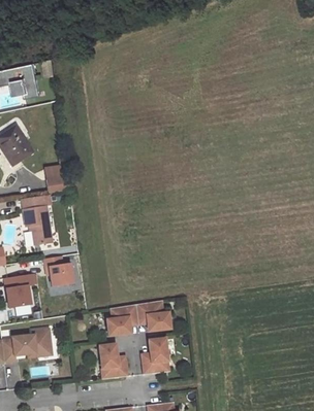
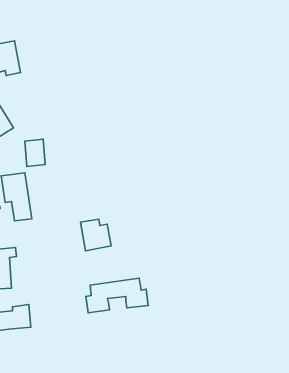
building: [44,254,75,286] -> [80,219,111,251]
building: [143,340,168,375] -> none
building: [99,345,127,379] -> none

